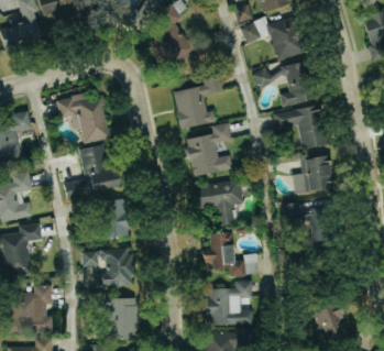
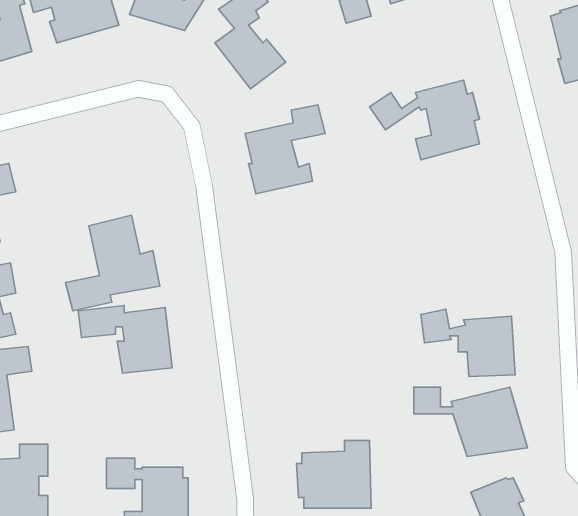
building: [240,17,301,61] -> none
building: [56,91,109,143] -> none
building: [272,103,329,149] -> none
building: [186,122,232,176] -> none
building: [292,153,337,194] -> none
building: [193,176,252,227] -> none
building: [204,232,259,278] -> none
building: [81,249,133,288] -> none

